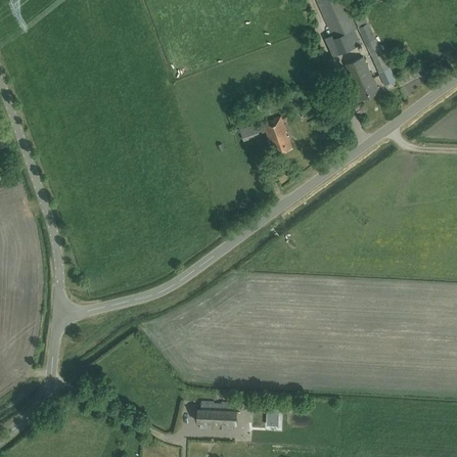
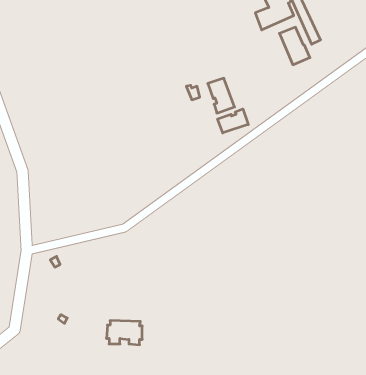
building: none -> [218,109,248,133]
building: [195,403,236,430] -> [106,321,142,345]

